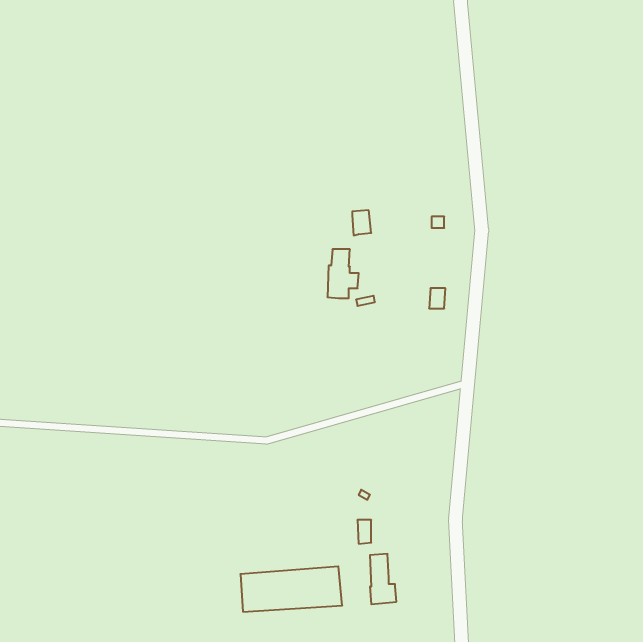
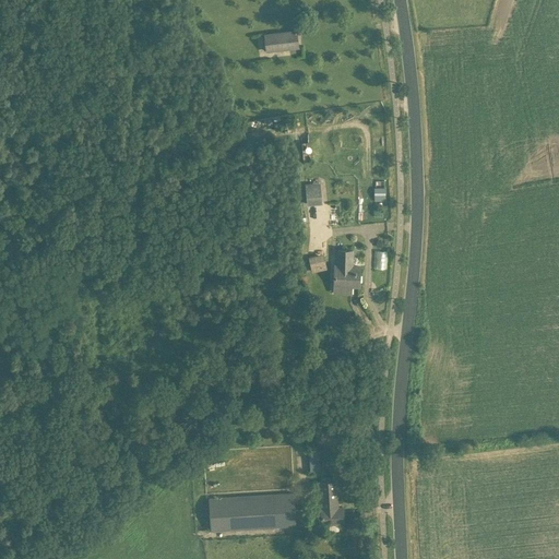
building: none -> [265,31,300,52]
building: [327,249,359,298] -> [333,251,360,294]

